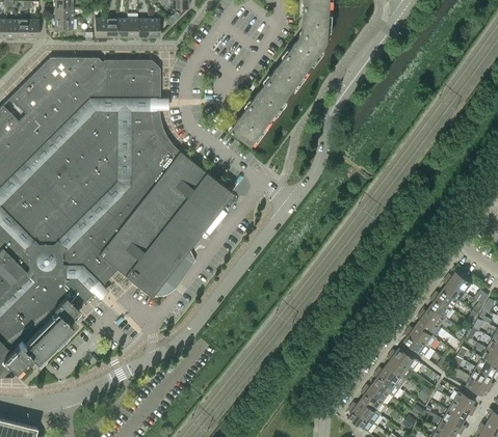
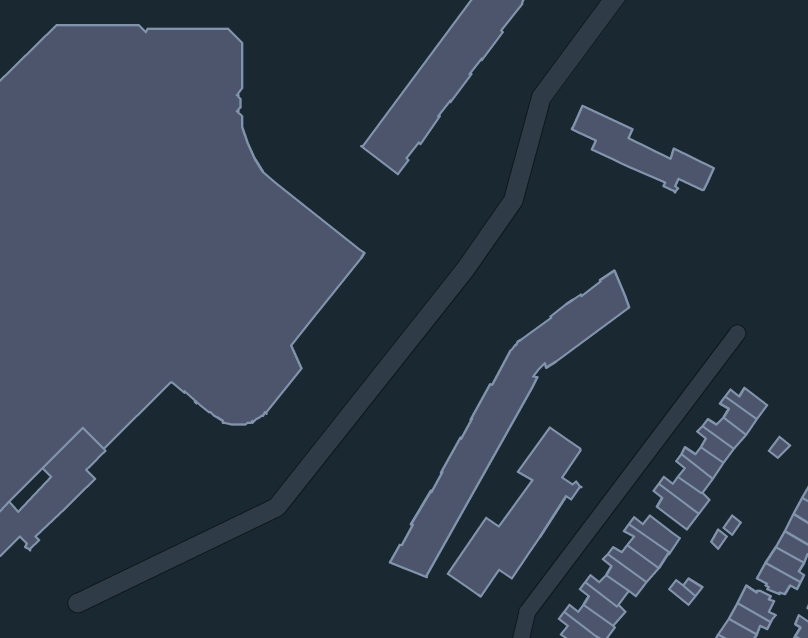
building: none -> [572,106,714,193]
building: none -> [390,270,629,577]
building: none -> [448,428,582,596]

